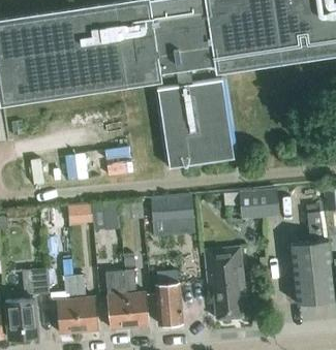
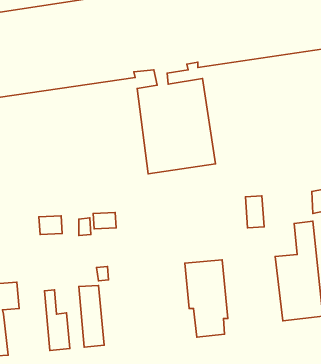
building: [239,189,264,220] -> none
building: [150,196,193,224] -> none
building: [155,257,183,325] -> none
building: [124,271,149,327] -> none
building: [57,277,79,335] -> none

